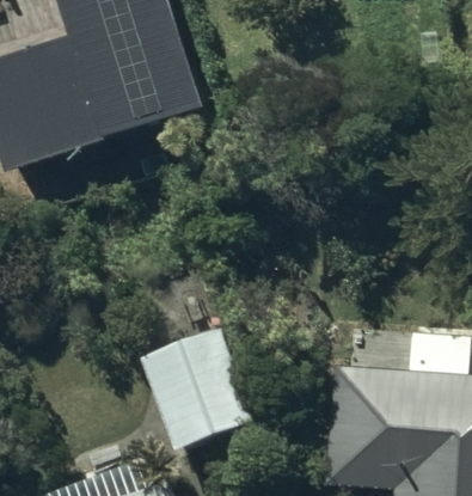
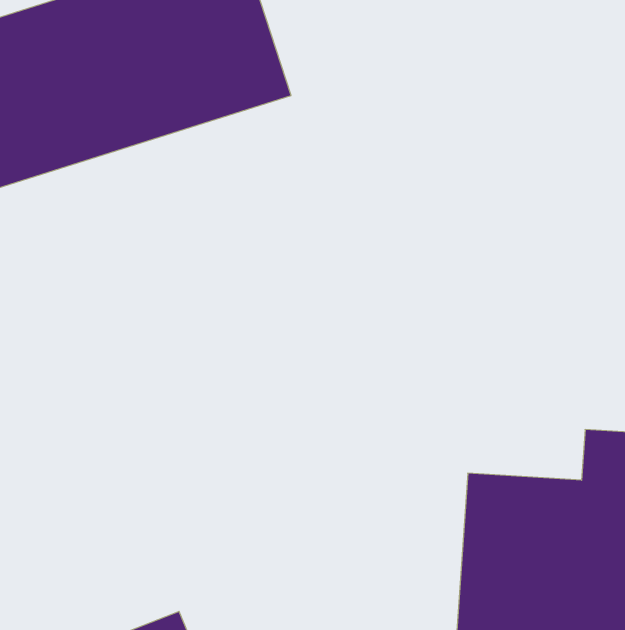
building: [133,326,259,451] -> none

